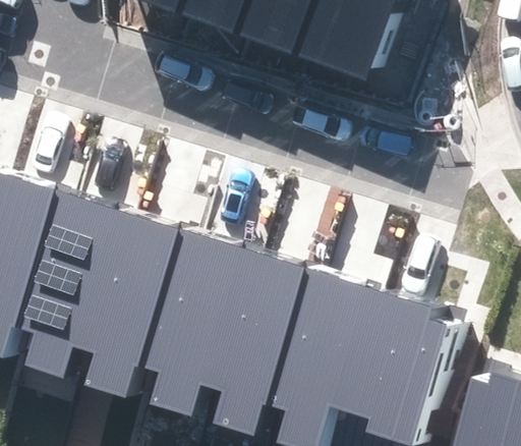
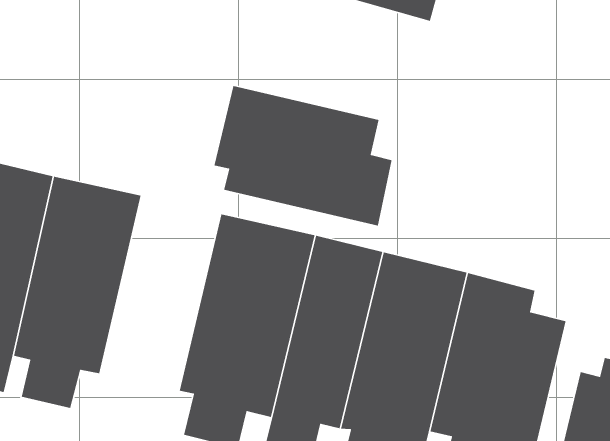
building: none -> [214,85,393,227]
building: [82,208,191,400] -> none

